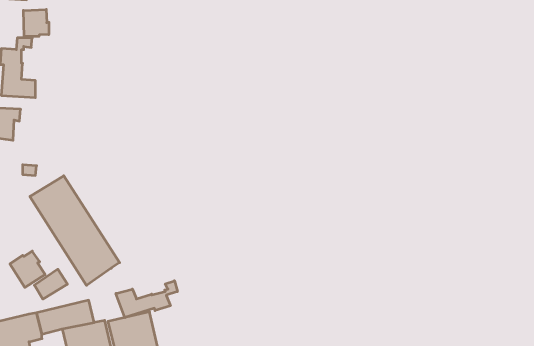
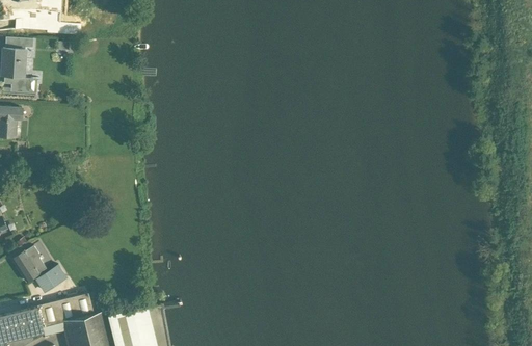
building: [23,9,49,37] -> none
building: [30,176,120,285] -> none
building: [116,281,177,318] -> none

